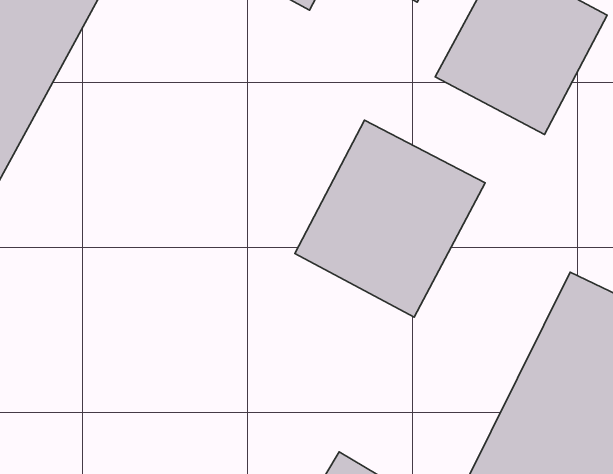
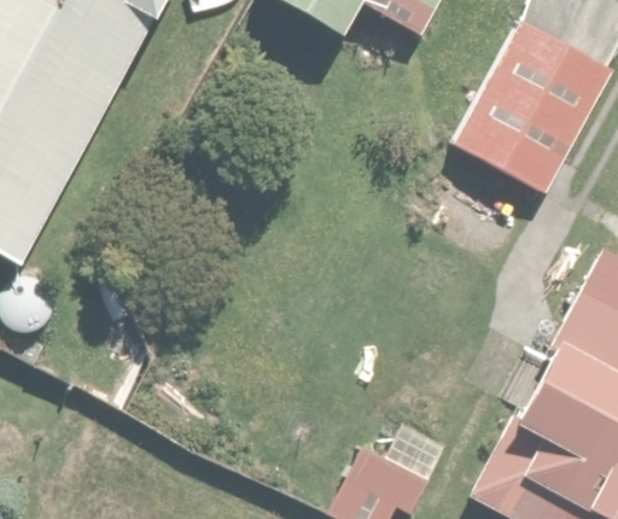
building: [295,120,485,317] -> none

